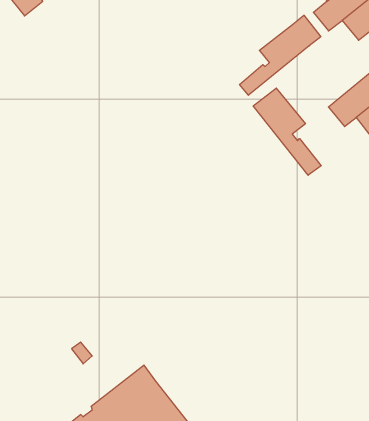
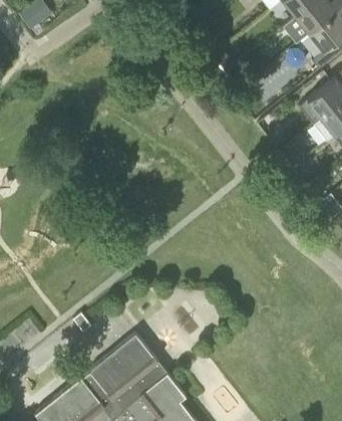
building: [240,15,321,95] -> none
building: [253,88,321,175] -> none

